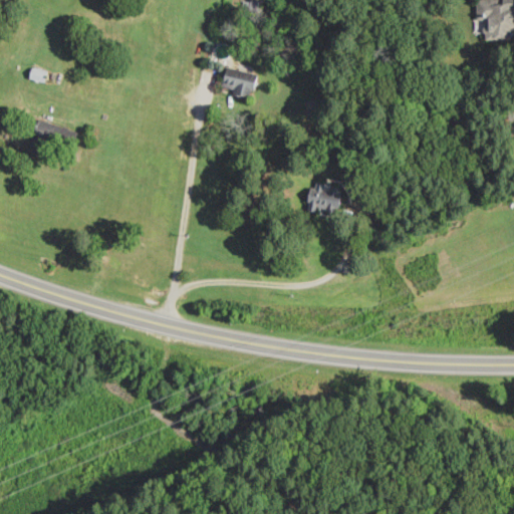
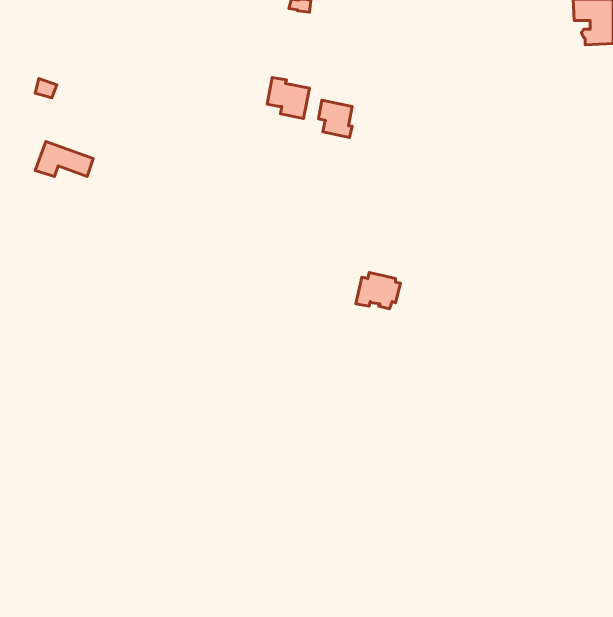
building: none -> [318,100,352,138]
building: [305,182,342,212] -> [356,272,400,309]

